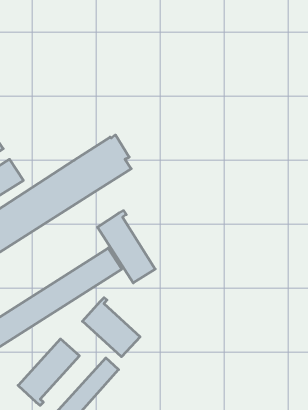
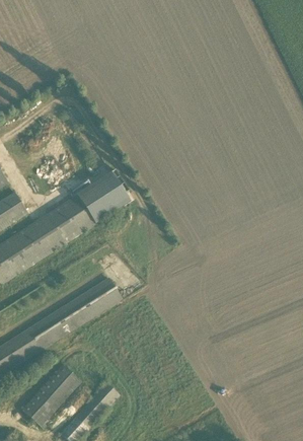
building: [98,211,155,283] -> none
building: [82,298,140,357] -> none

